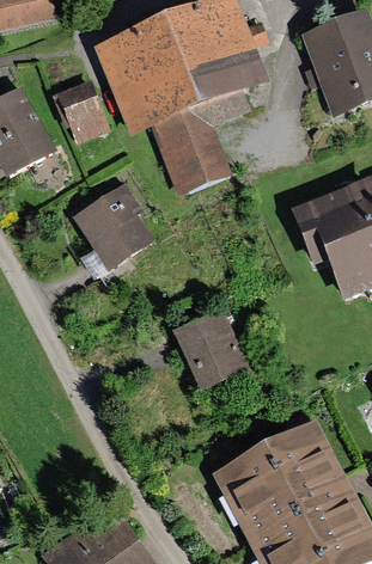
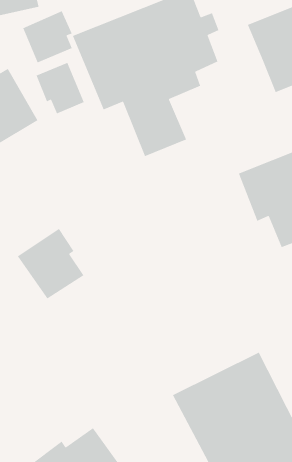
building: none -> [22,10,73,63]
building: [73,183,153,268] -> [17,228,84,300]
building: [172,307,251,391] -> none

